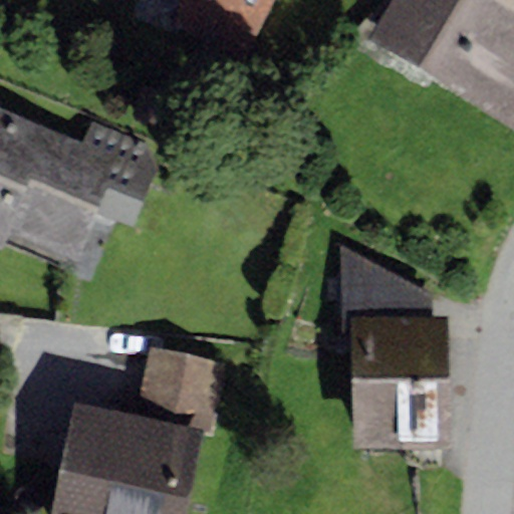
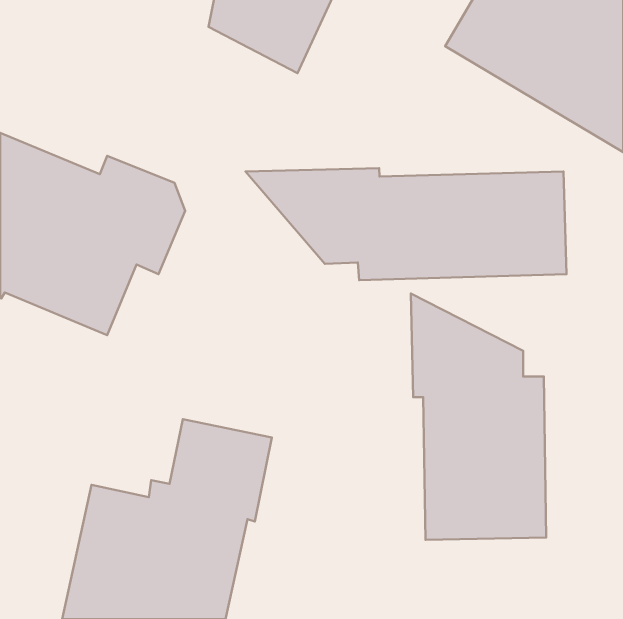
building: none -> [245,168,567,280]

